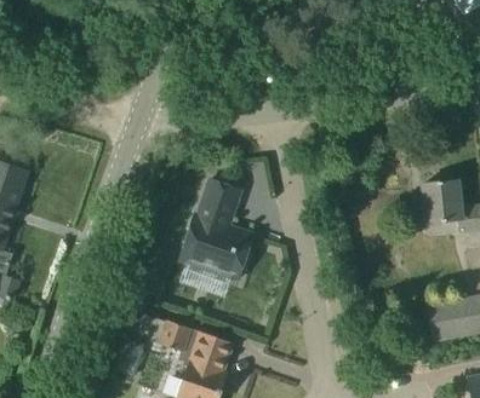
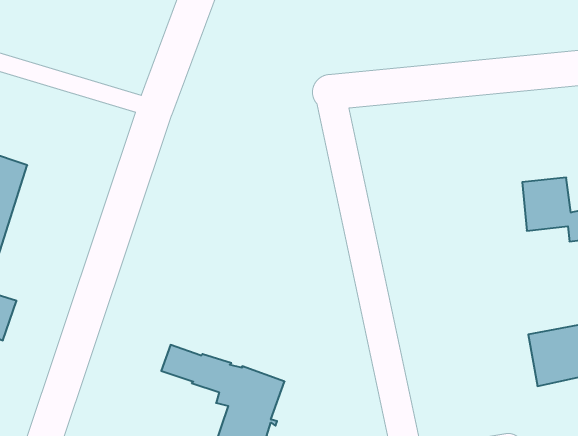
building: [179,179,253,278] -> none

